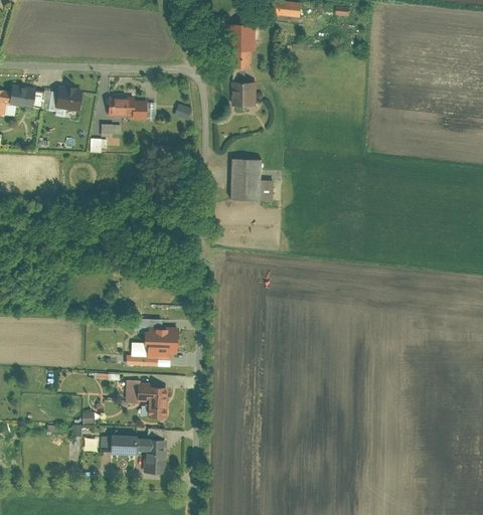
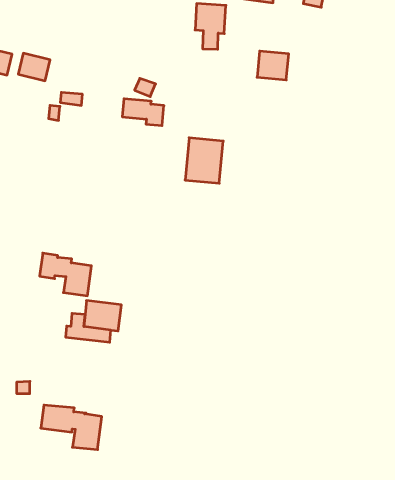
building: [232,80,262,107] -> [257,51,289,80]
building: [108,98,148,121] -> [122,99,164,126]
building: [123,380,173,418] -> [40,253,91,296]

